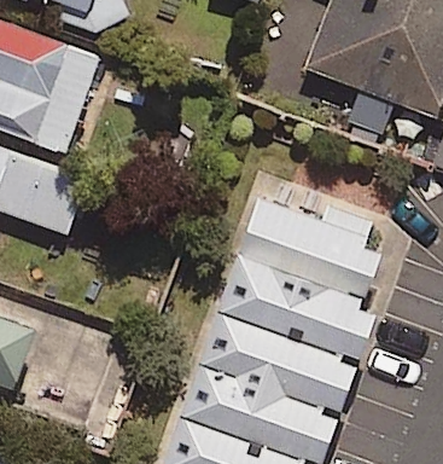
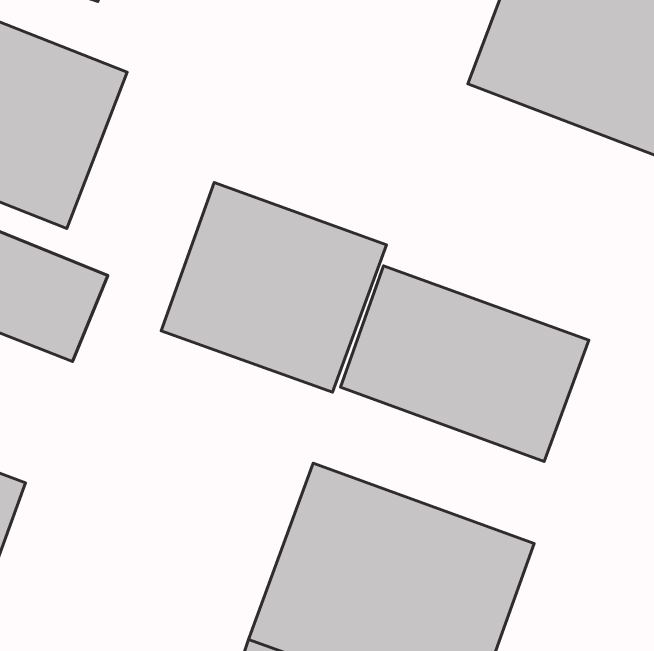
building: none -> [161,183,386,392]
building: [212,254,363,350] -> none

